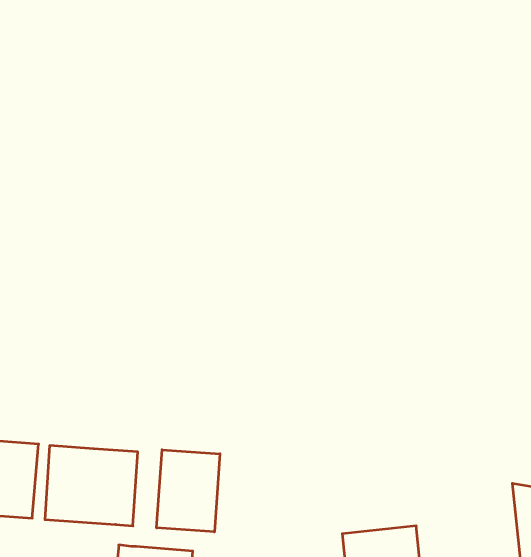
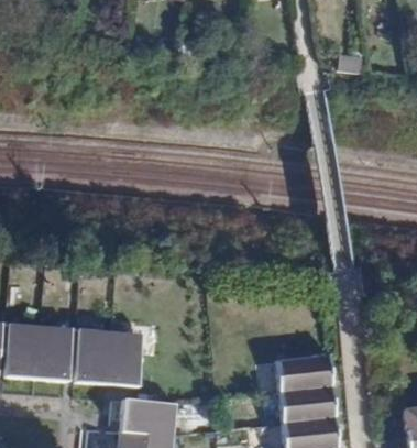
building: [157,450,220,532] -> none
building: none -> [276,354,331,391]

